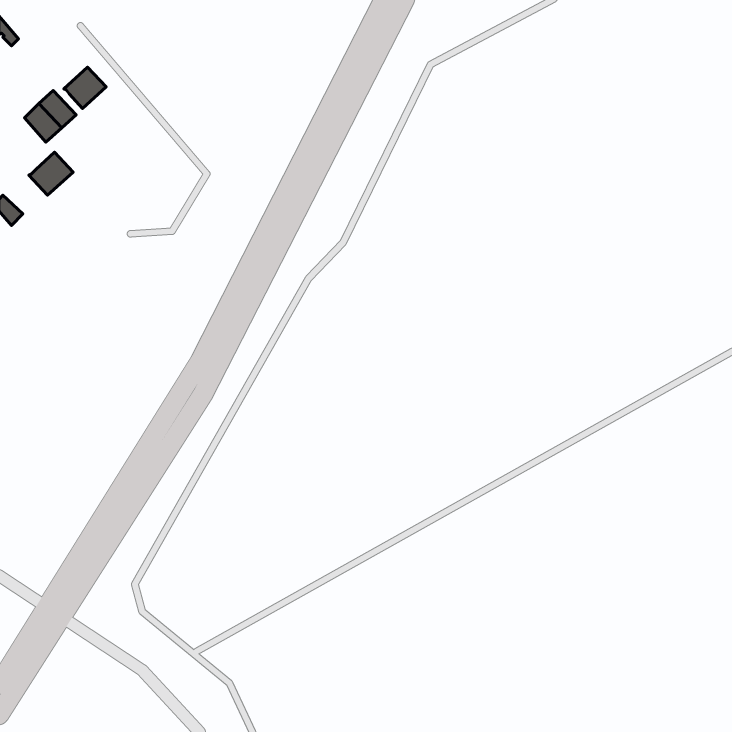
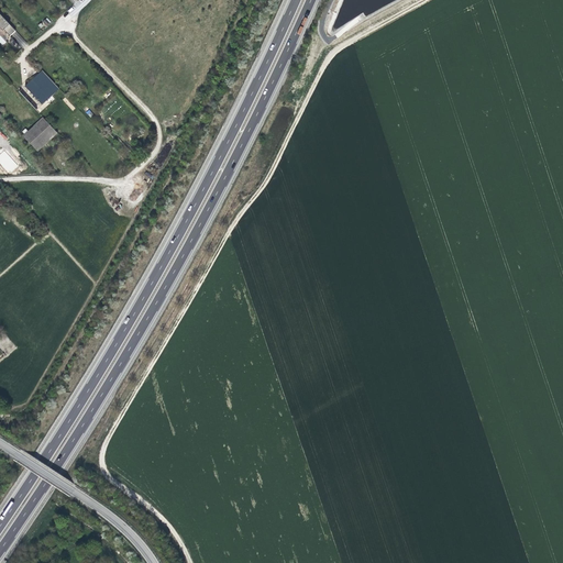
building: [64,67,106,109] -> none

